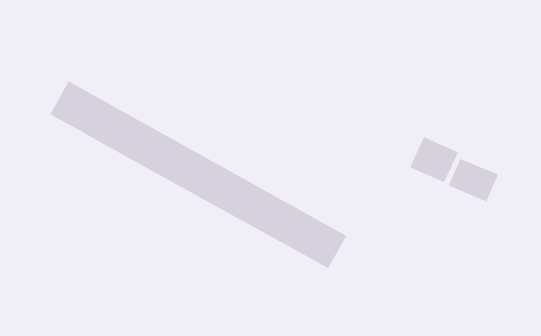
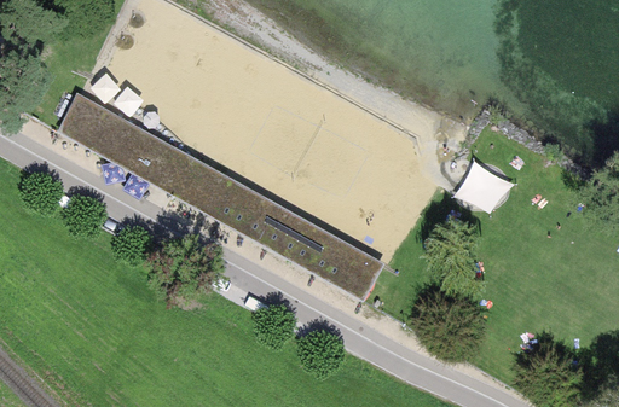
building: [448,158,499,202] -> none

